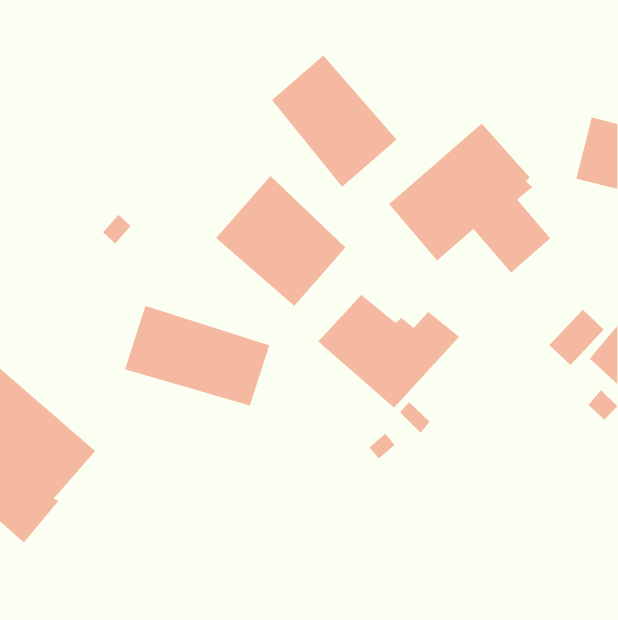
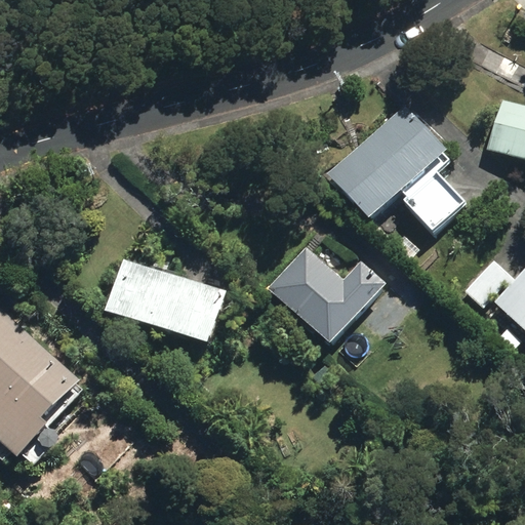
building: [271,54,397,188] -> none
building: [215,175,346,307] -> none

